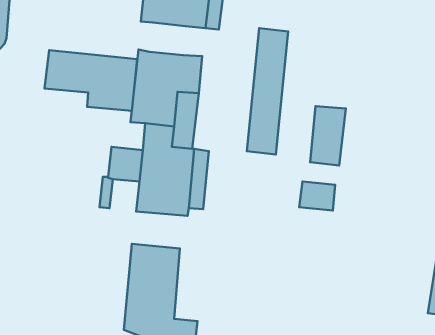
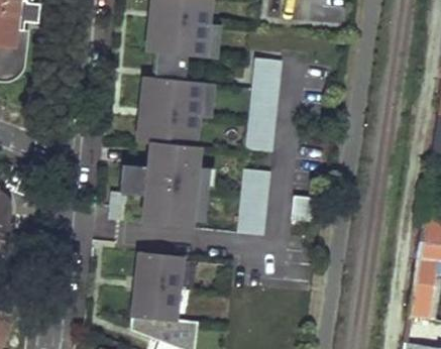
building: none -> [155,51,188,81]
building: [45,50,137,111] -> none
building: [310,106,346,166] -> [236,181,268,234]

